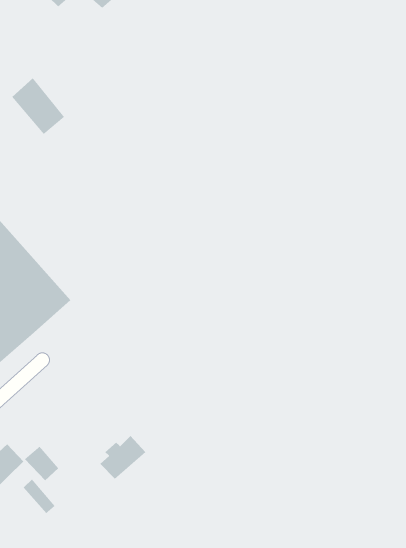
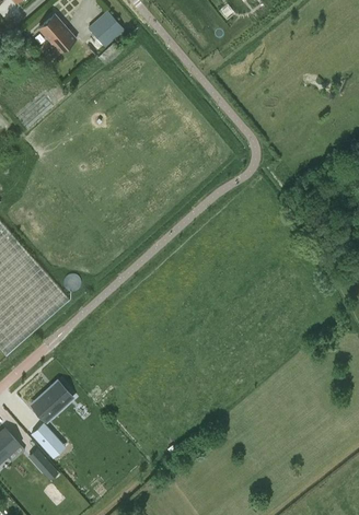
building: [12,78,65,135] -> none
building: [99,435,146,479] -> [33,384,72,421]

